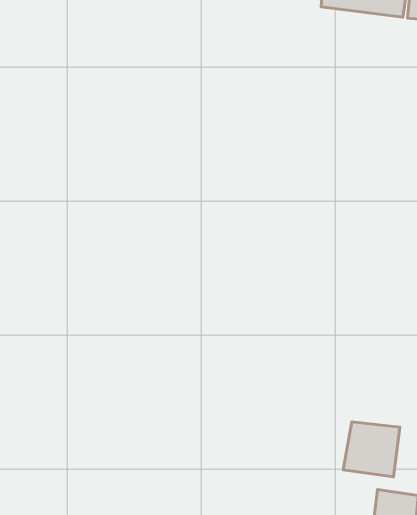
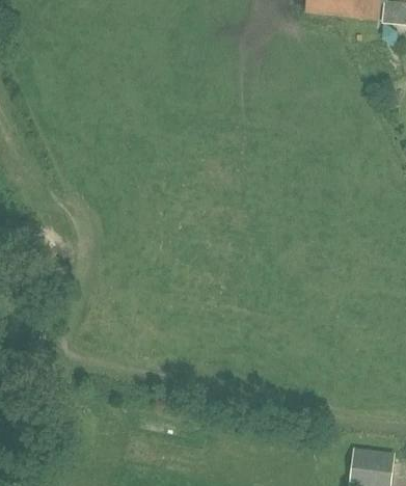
building: [343,422,400,477] -> none

